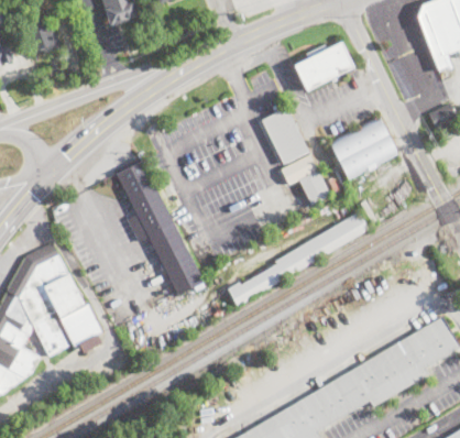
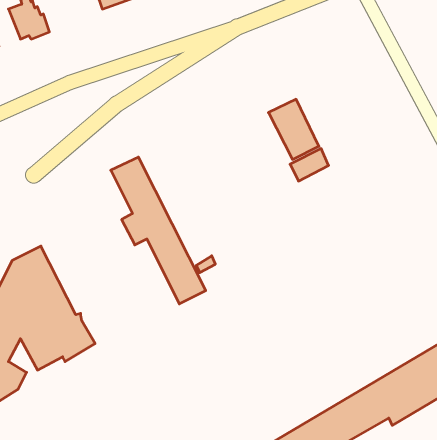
building: [294,44,352,91] -> none
building: [330,118,397,180] -> none
building: [299,172,333,206] -> none
building: [228,212,369,307] -> none

